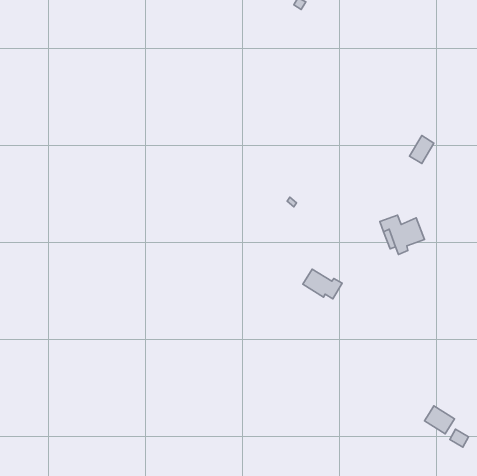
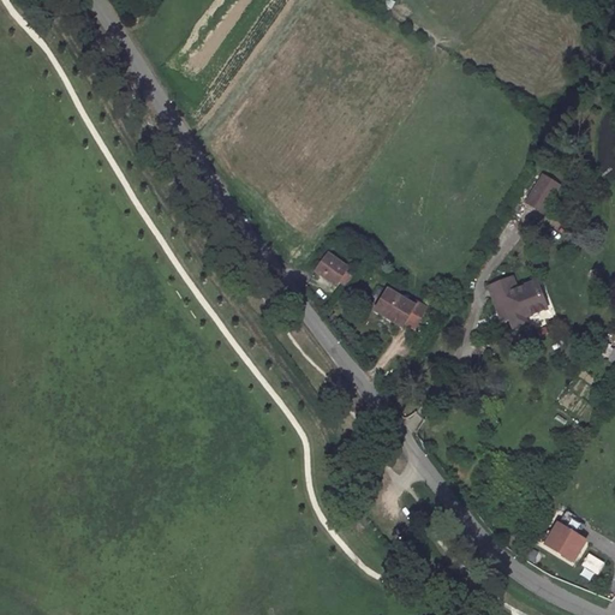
building: none -> [316,252,351,283]
building: [303,269,342,299] -> [375,288,425,327]

